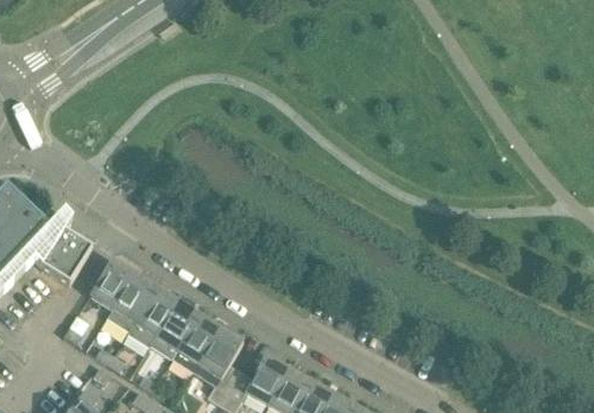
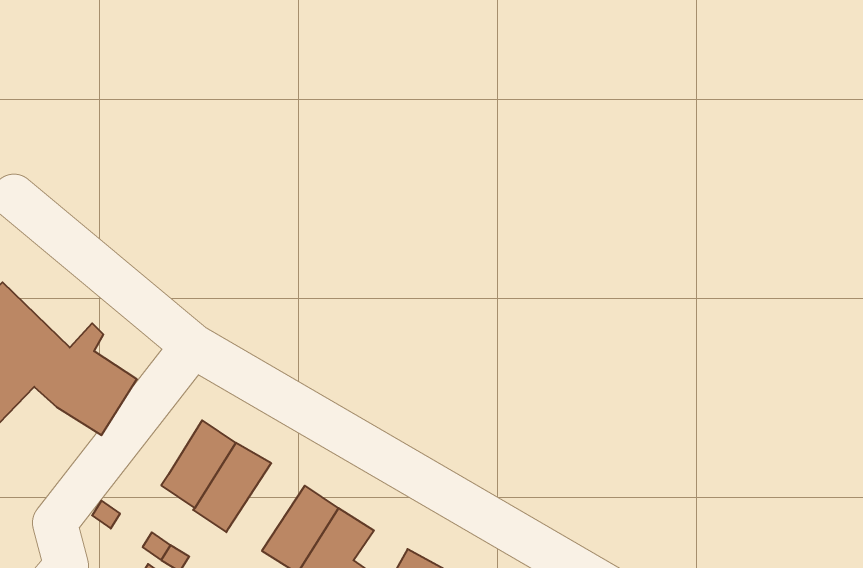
building: [88,261,132,310] -> none
building: [148,303,197,358] -> none

